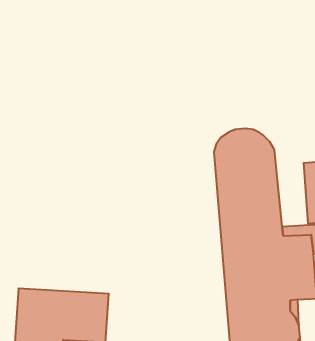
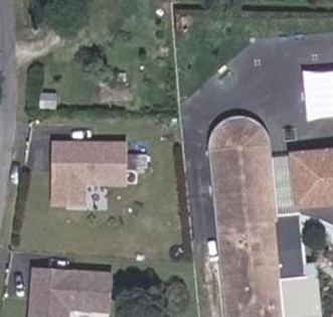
building: none -> [53,138,132,206]

